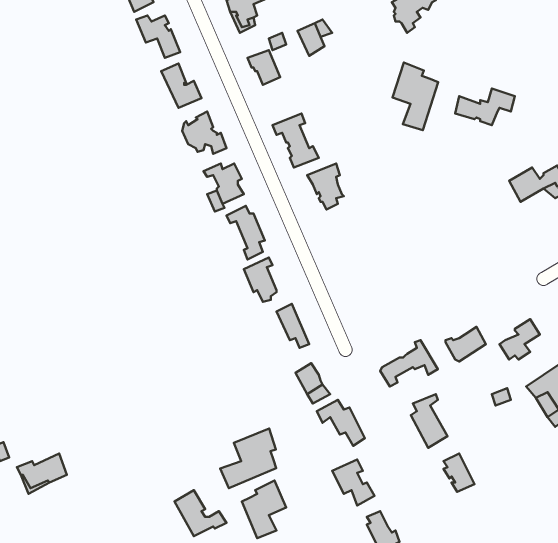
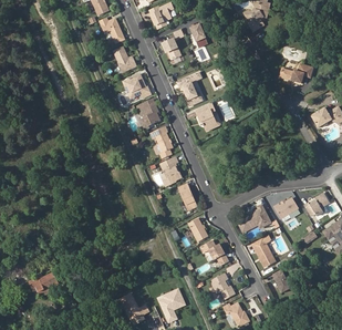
building: [392,62,438,130] -> none
building: [220,428,276,488] -> none

